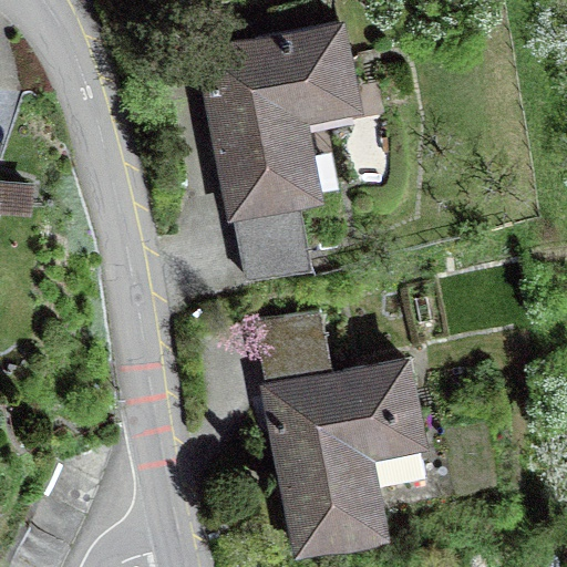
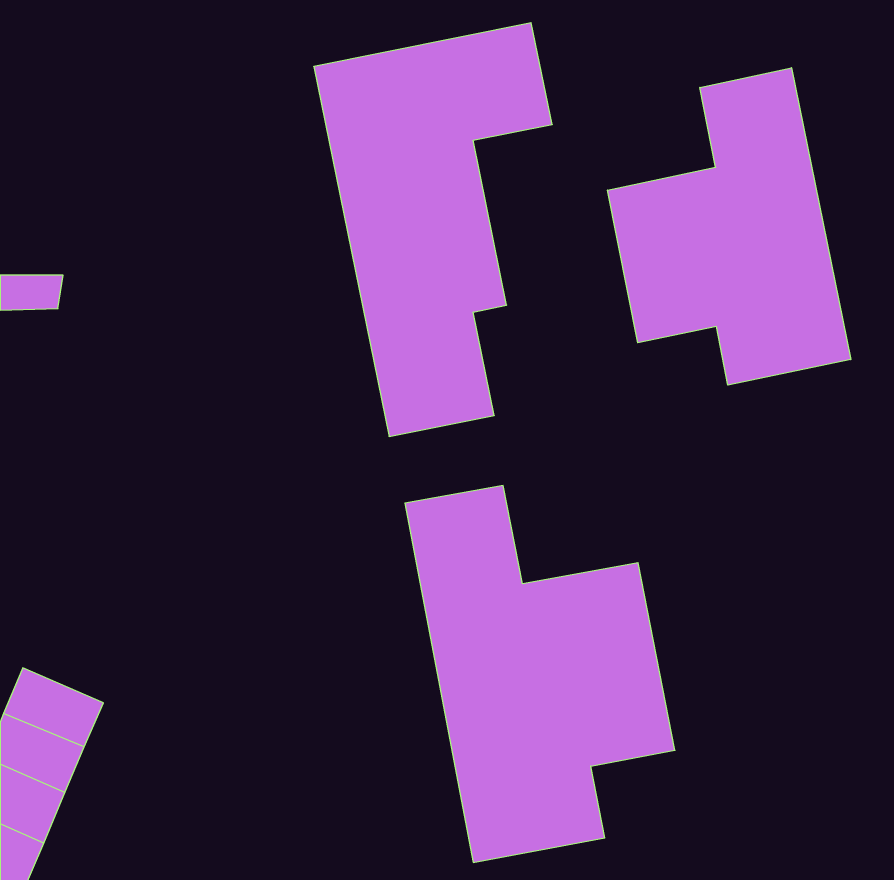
building: none -> [608,68,851,385]

